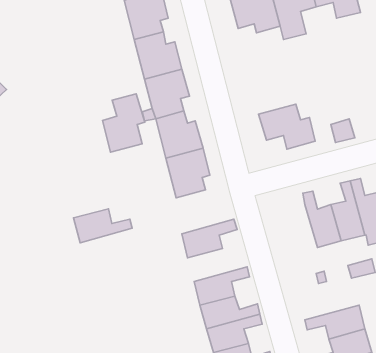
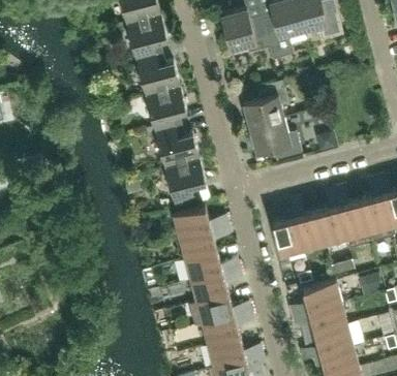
building: none -> [243,81,287,128]
building: [103,94,145,152] -> none
building: none -> [272,211,303,256]
building: [73,209,132,243] -> [173,207,226,238]
building: none -> [184,251,239,281]
building: none -> [289,280,341,316]

